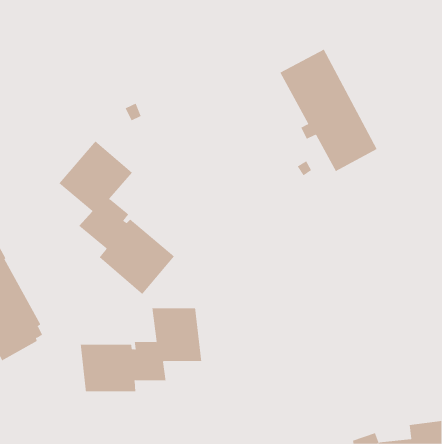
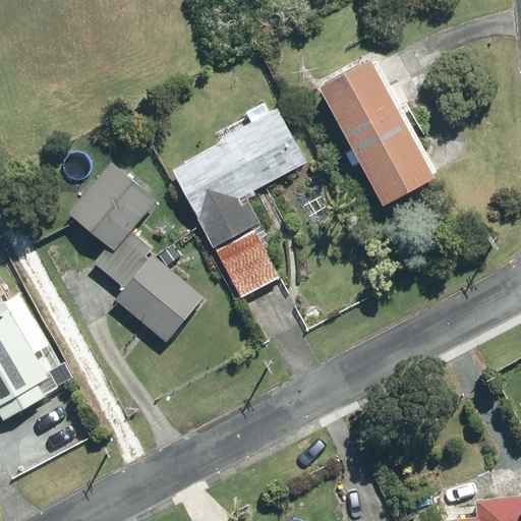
building: none -> [171,104,305,298]
building: [80,308,202,392] -> none

